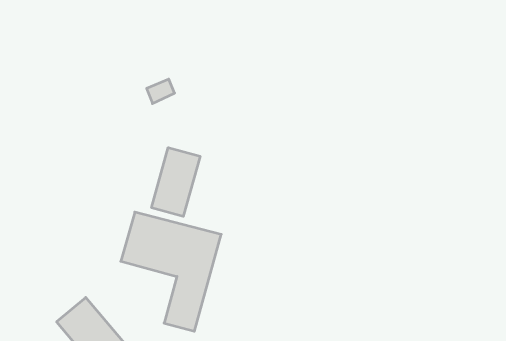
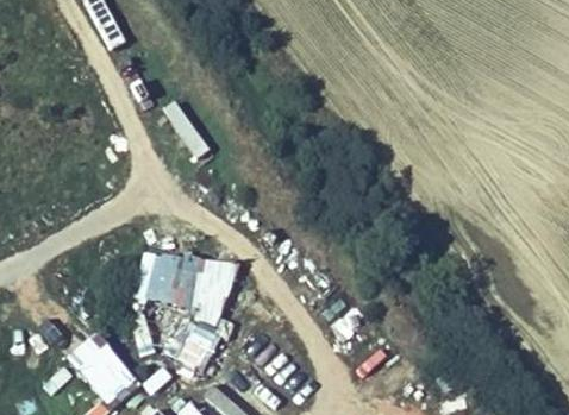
building: [152,148,200,216] -> none

